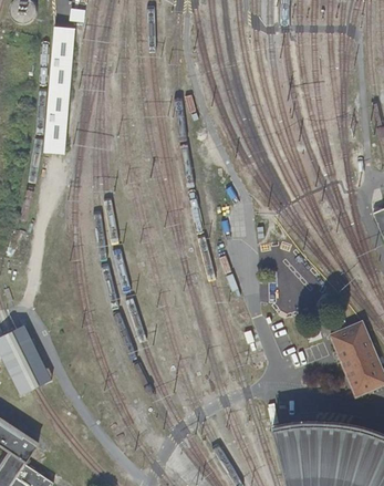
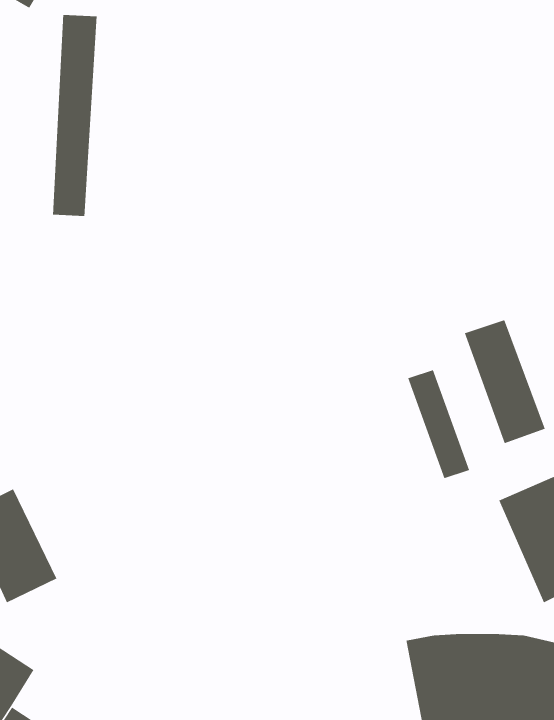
building: none -> [464,319,546,444]

